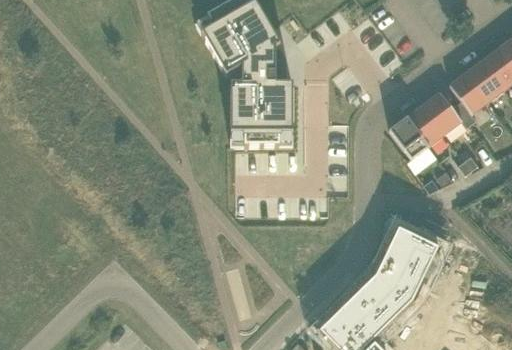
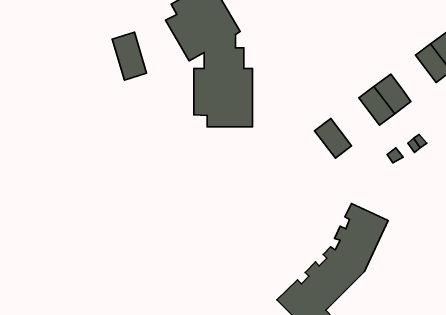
building: none -> [112,32,147,80]
building: [450,69,489,124] -> none
building: [390,114,429,156] -> [315,119,351,158]

